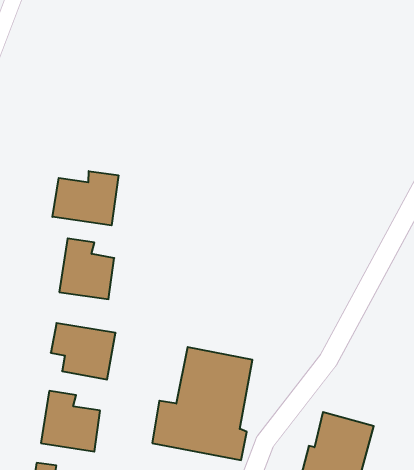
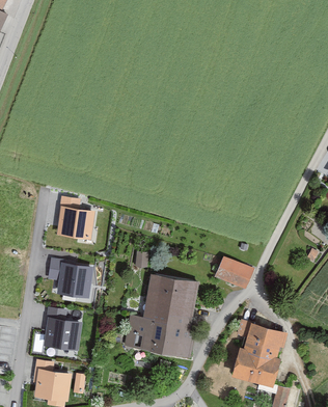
building: [52,171,118,225] -> none
building: none -> [214,257,250,288]

